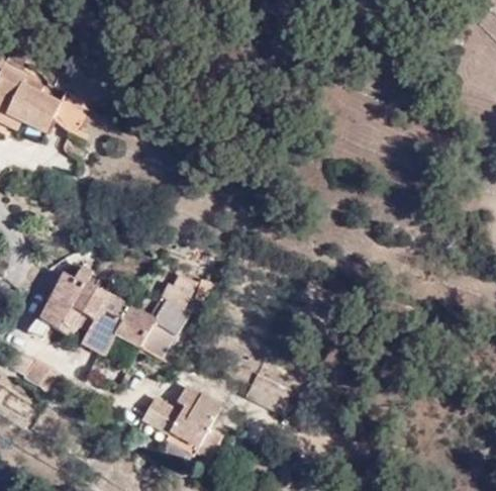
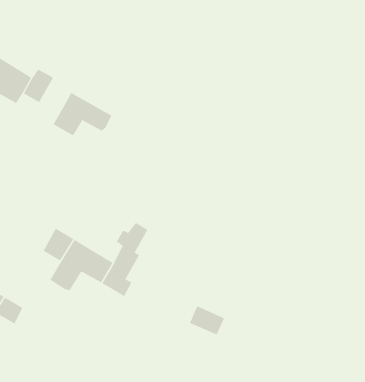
building: none -> [53,92,112,136]
building: [25,267,90,335] -> none
building: [143,385,226,455] -> none

